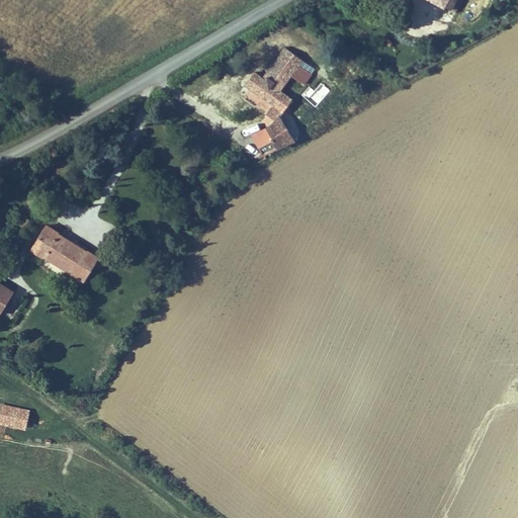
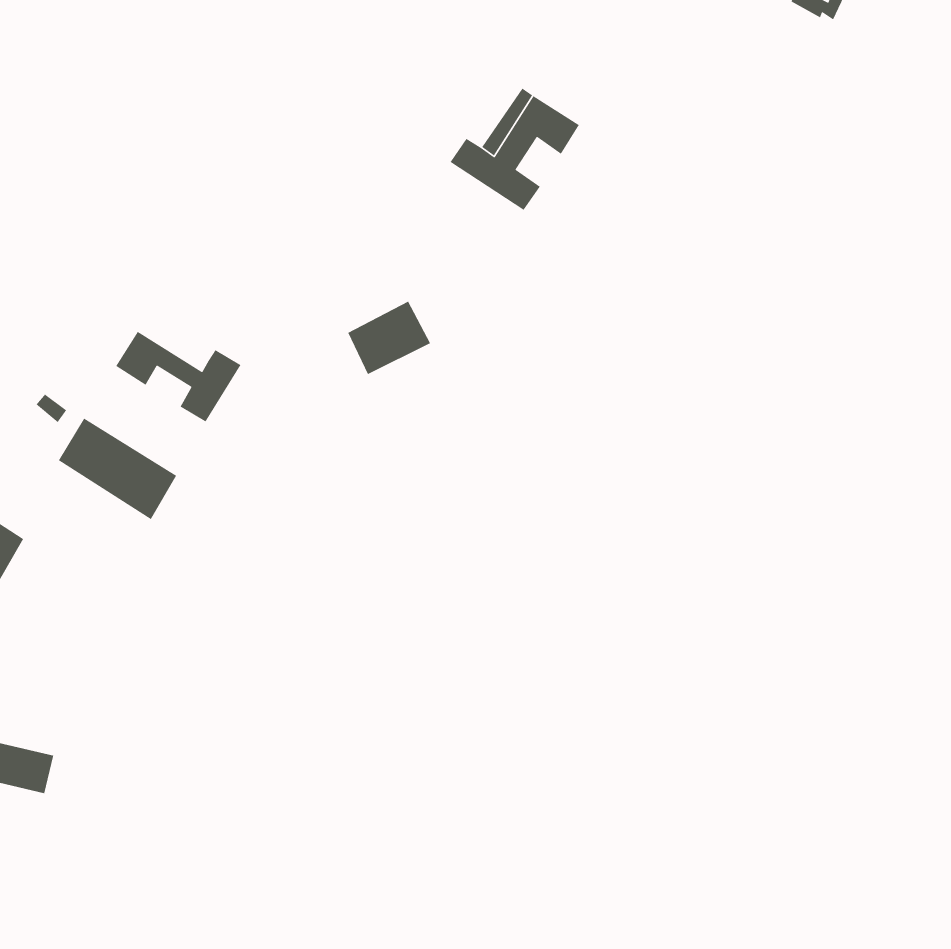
building: [247,113,292,154] -> [347,301,431,375]
building: none -> [115,331,242,422]

